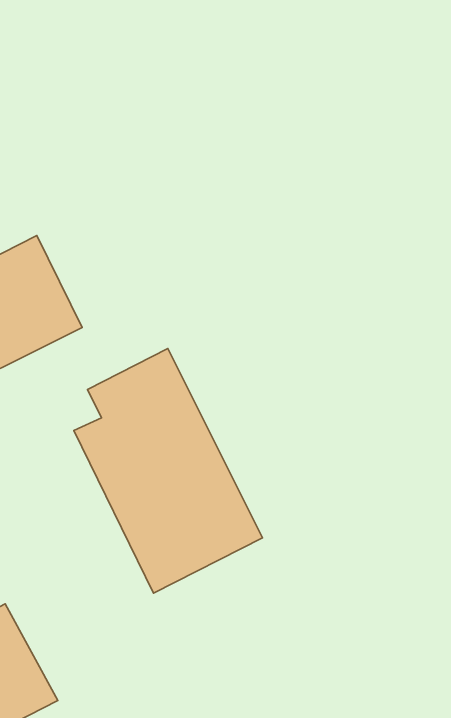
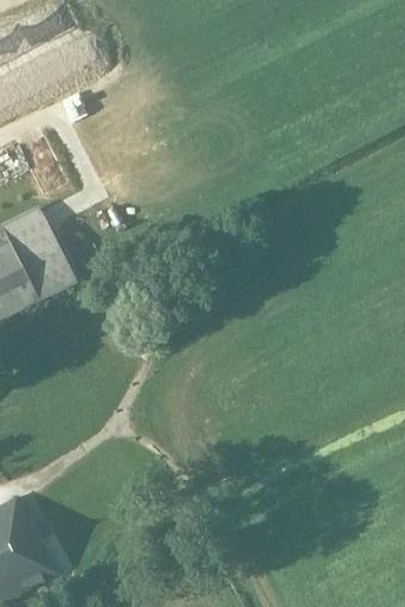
building: [74,349,262,593] -> none

